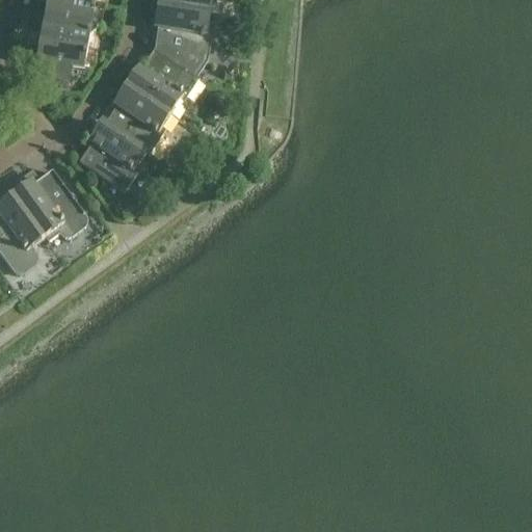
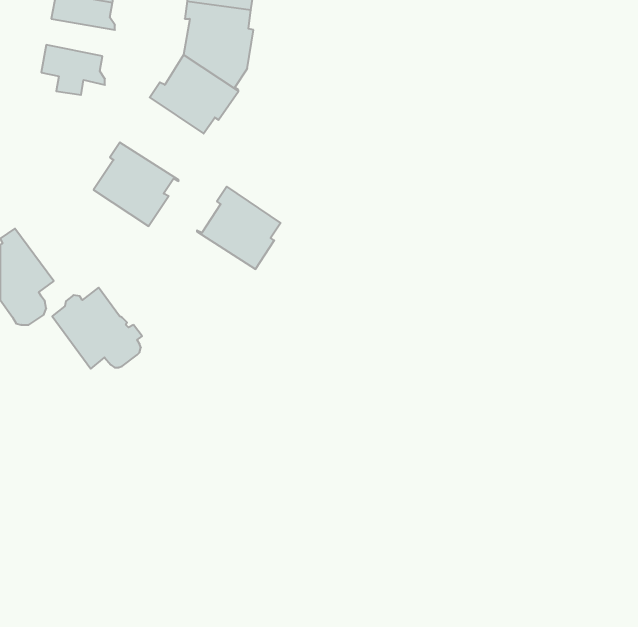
building: [38,16,96,47] -> none
building: [100,81,169,150] -> [197,187,281,269]
building: [12,166,87,234] -> [52,288,142,369]

